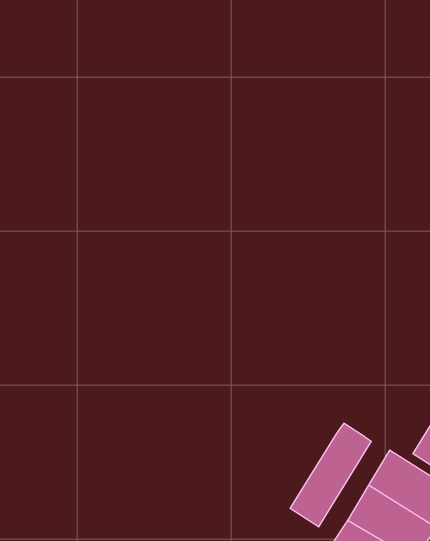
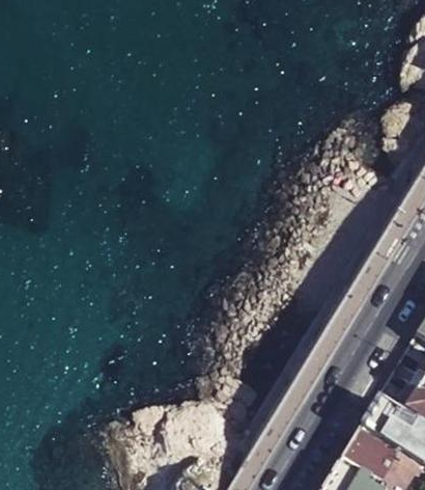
building: [290,423,371,527] -> none

